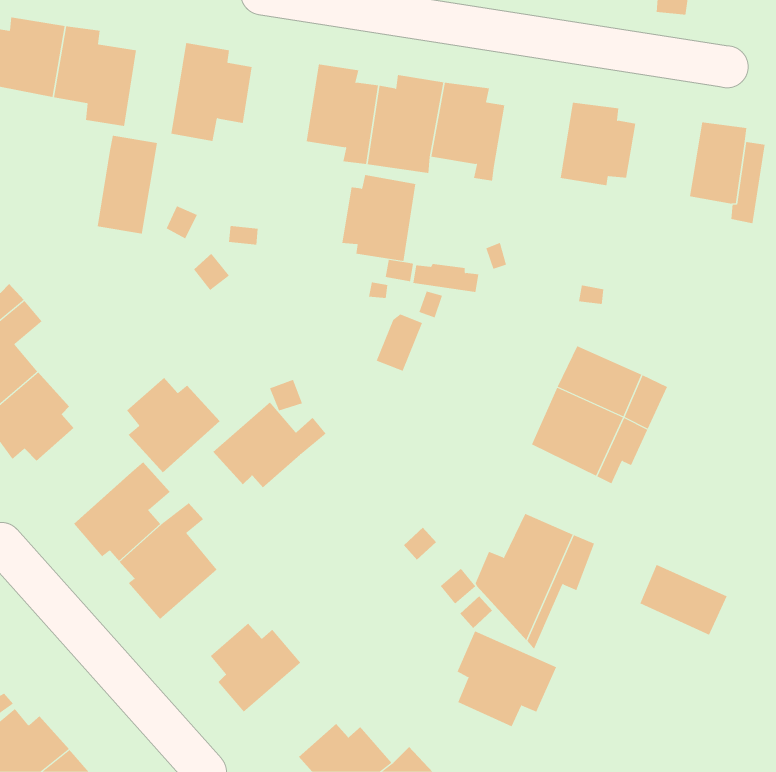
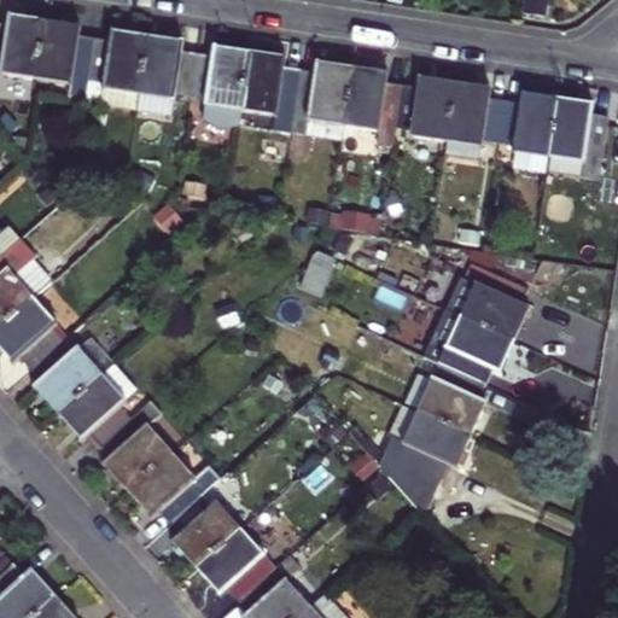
building: none -> [392,75,454,141]
building: none -> [497,91,556,156]
building: [97,135,158,234] -> [99,28,147,106]
building: [342,175,416,261] -> [193,43,252,112]
building: [126,377,221,473] -> [29,339,104,415]
building: [212,402,327,488] -> [127,451,217,520]
building: [639,564,728,636] -> [416,374,486,431]
building: [457,630,557,727] -> none
building: none -> [193,525,276,600]

